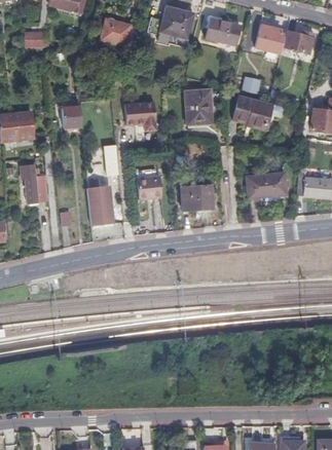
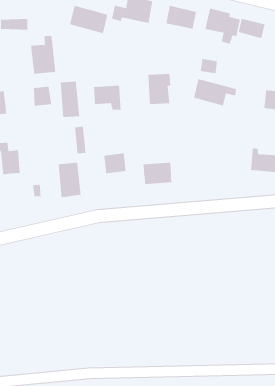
building: none -> [30,35,56,74]
building: none -> [60,81,80,118]
building: [246,178,286,201] -> none

